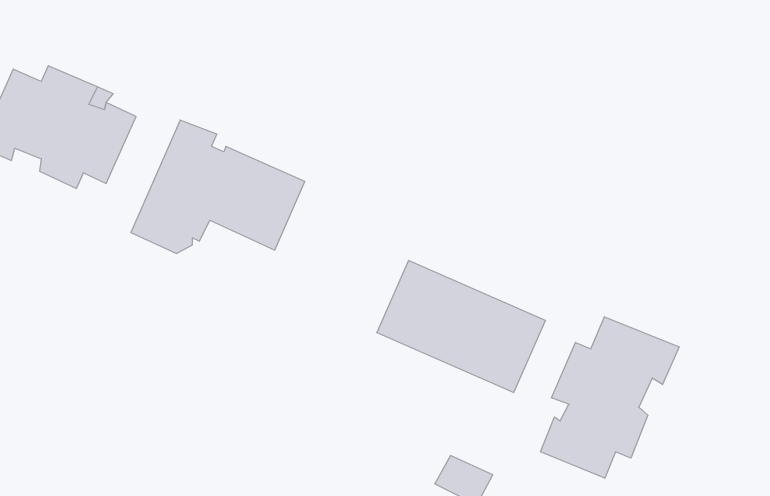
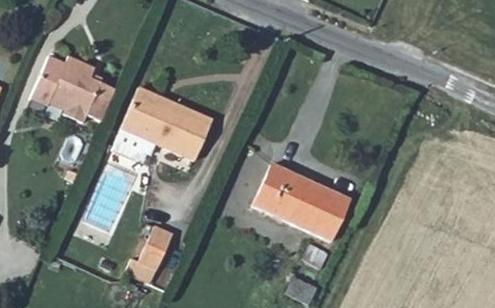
building: [541,317,679,478] -> none
building: none -> [127,231,175,289]

